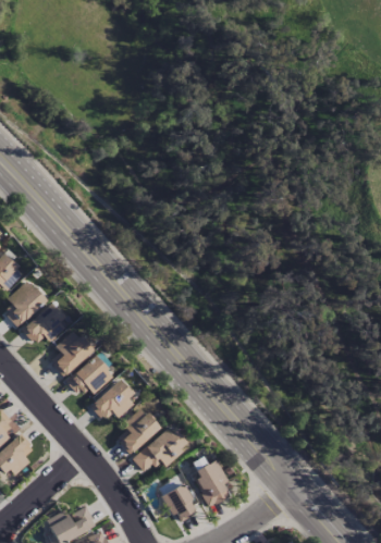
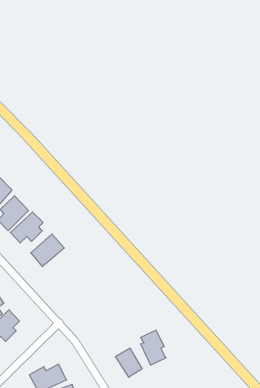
building: [65,357,112,395] -> none
building: [90,379,137,420] -> none
building: [116,408,159,454] -> none
building: [132,427,186,473] -> none

